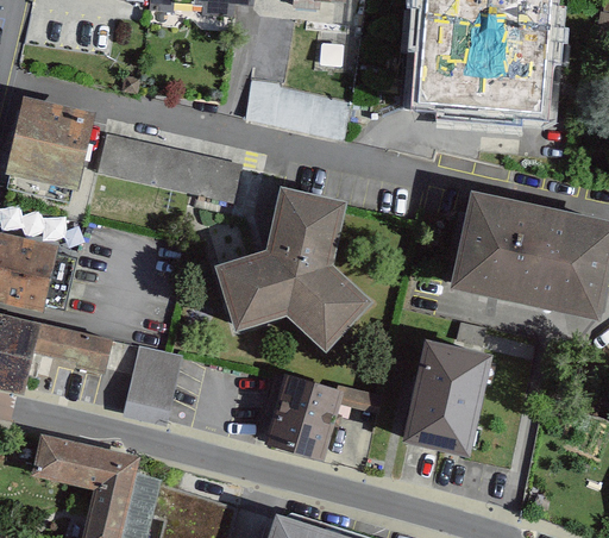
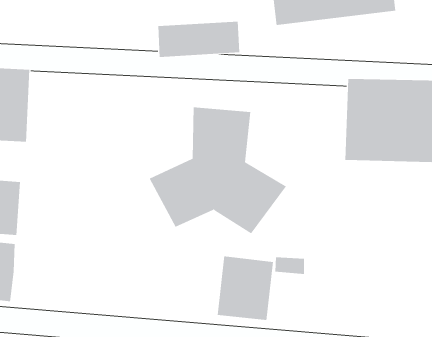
building: [96,134,244,205] -> none
building: [31,318,112,368] -> none
building: [404,342,494,459] -> none
building: [124,345,183,423] -> none

